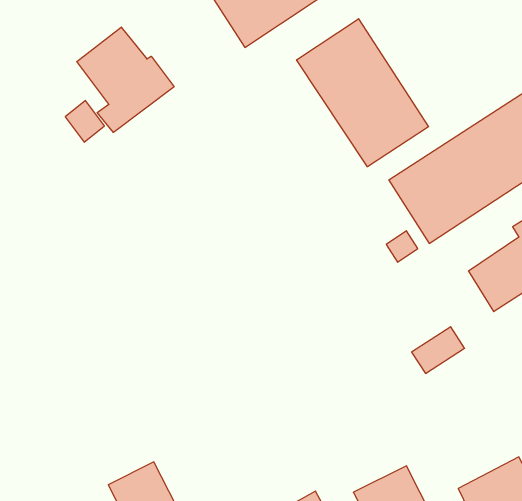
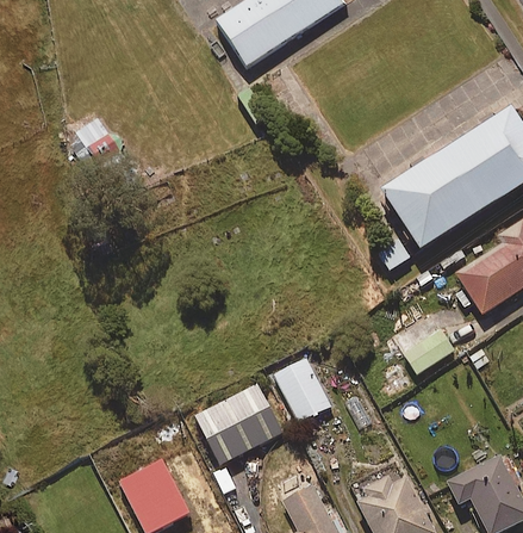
building: [297,19,429,167] -> none
building: [77,27,174,132] -> none
building: none -> [273,355,331,421]
building: none -> [193,383,281,465]

